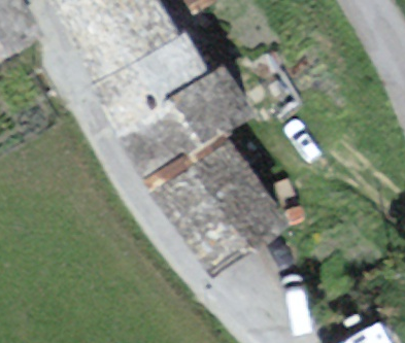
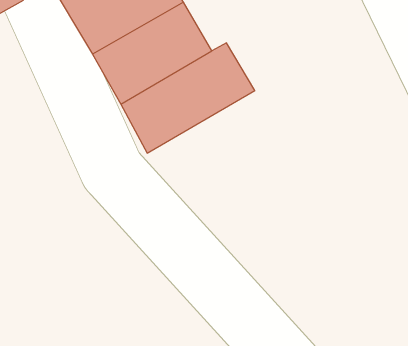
building: [146,119,268,242] -> none

